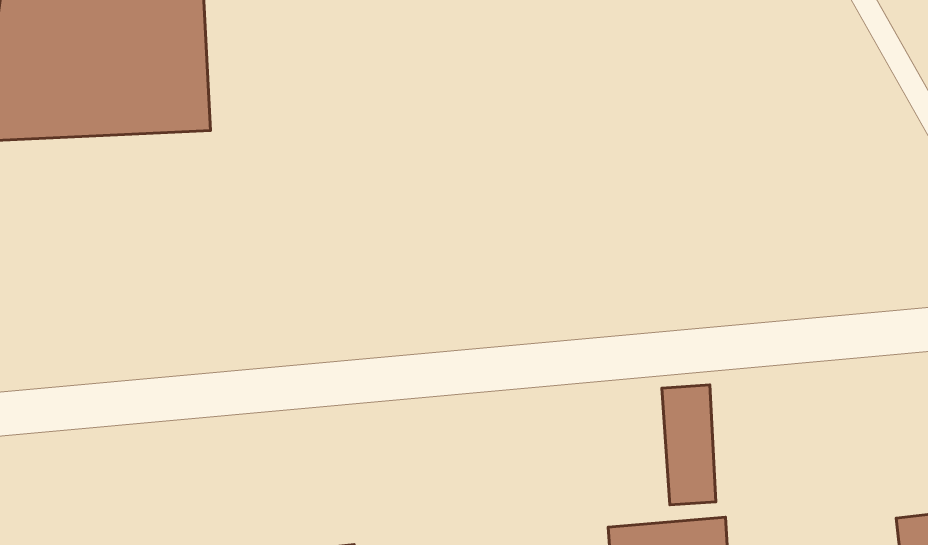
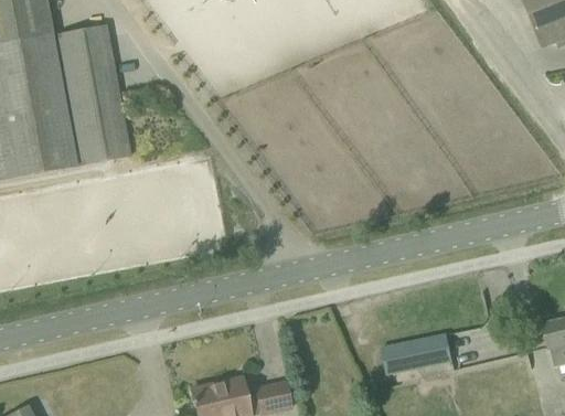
building: [662,385,716,505] -> none

